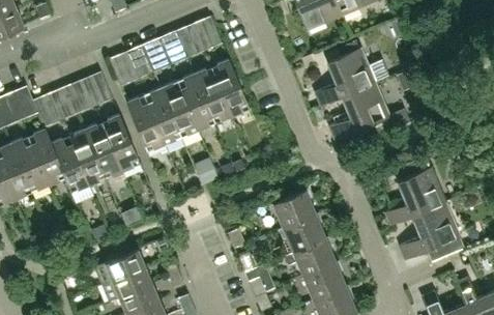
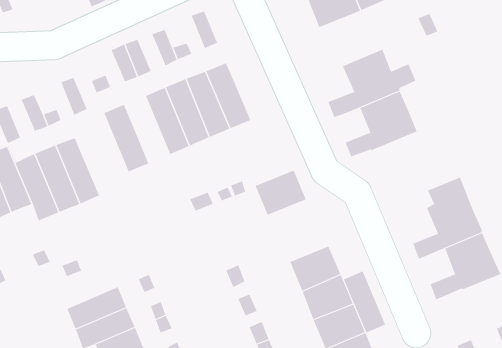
building: [143,87,181,144] -> none
building: [101,115,140,171] -> none
building: [271,189,315,227] -> [255,170,306,215]
building: none -> [343,271,386,334]

